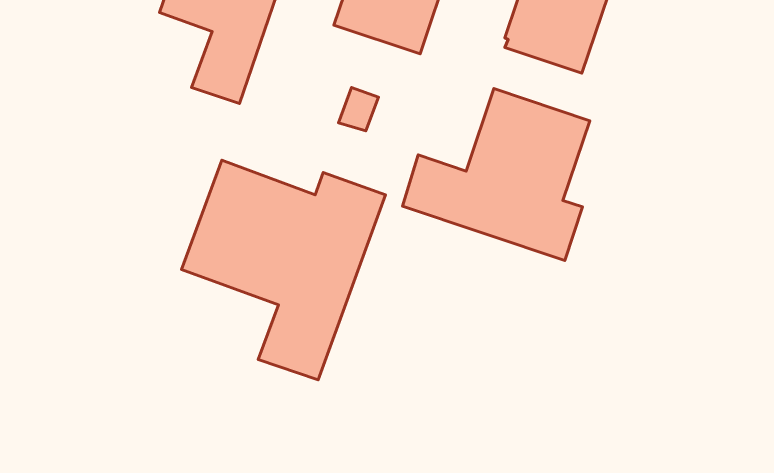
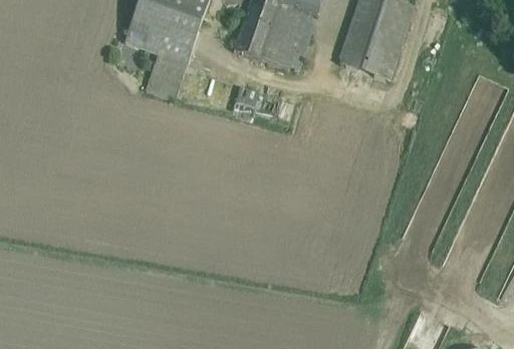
building: [402,88,590,260] -> none
building: [182,160,386,380] -> none

